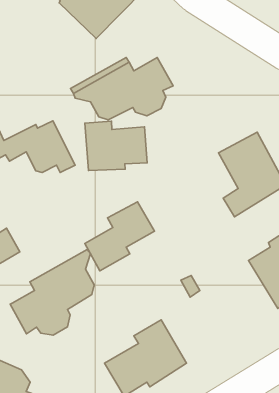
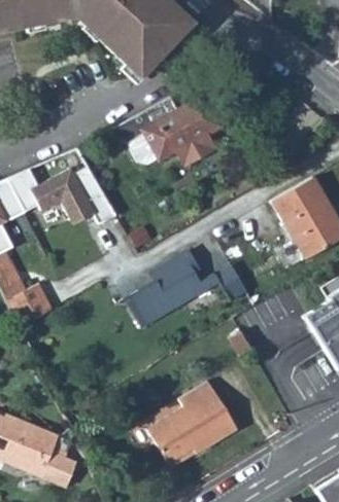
building: [85,121,147,170] -> none
building: [10,249,94,335] -> none

